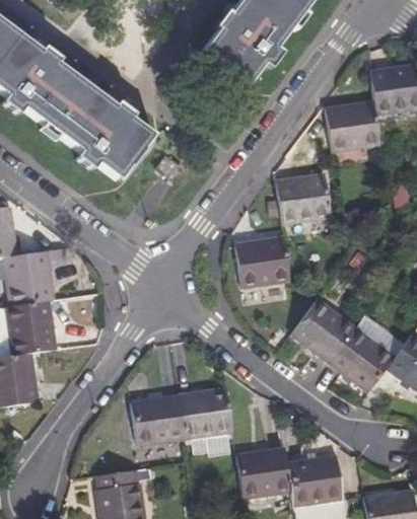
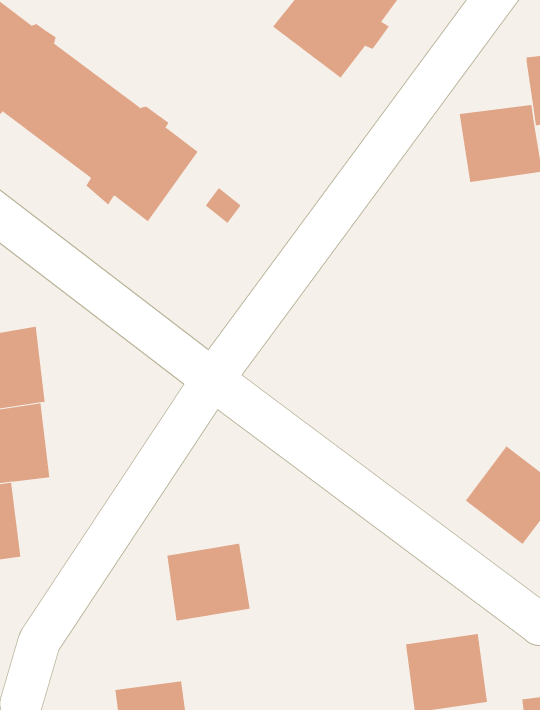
building: [276,174,331,226] -> none
building: [233,237,290,289] -> none
building: [290,299,357,364] -> none
building: [181,385,234,436] -> none
building: [238,444,294,497] -> none

